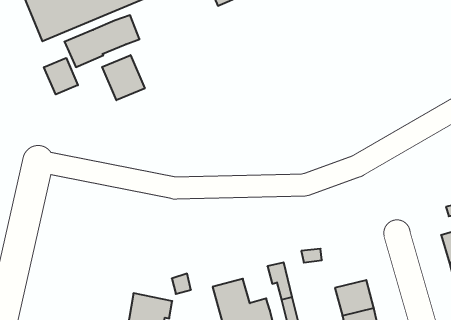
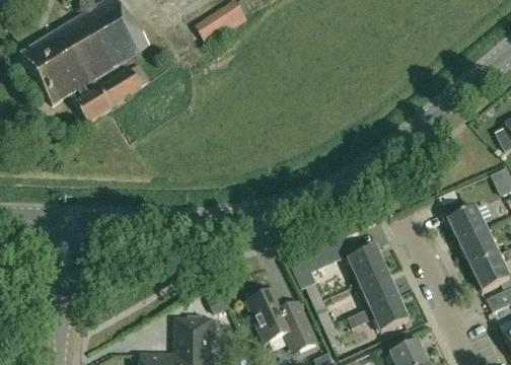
building: [102,55,145,100] -> none
building: [44,58,78,94] -> none
building: none -> [348,244,386,282]

